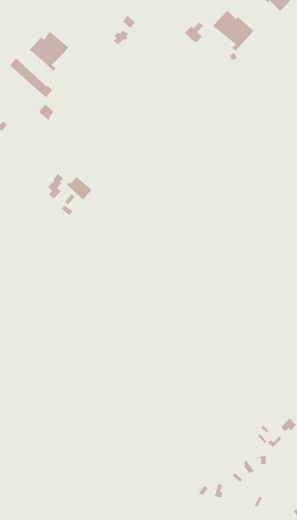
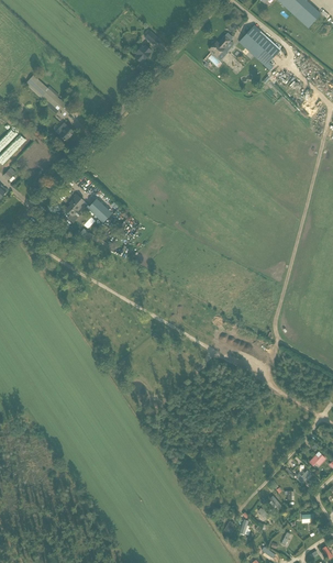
building: [29,31,69,72] -> none

